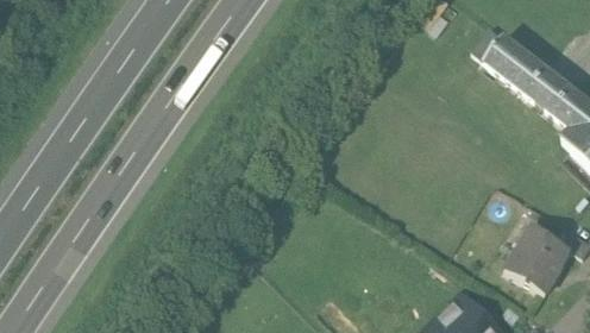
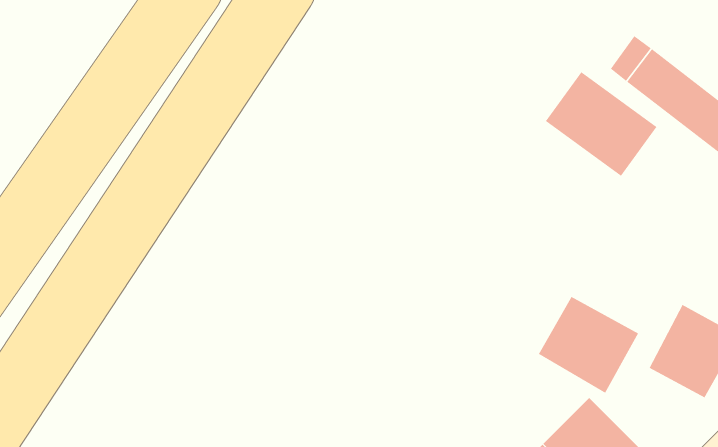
building: none -> [545,71,658,177]
building: none -> [538,296,639,394]

